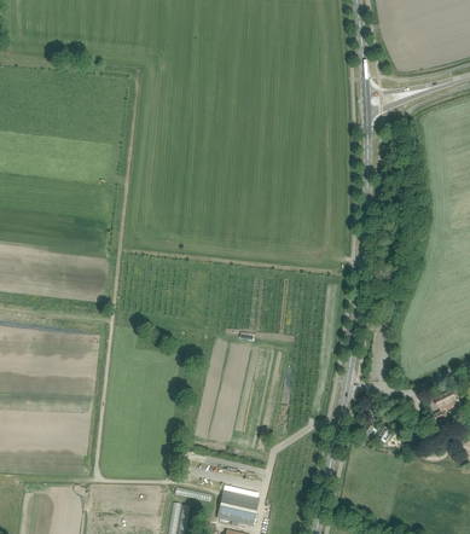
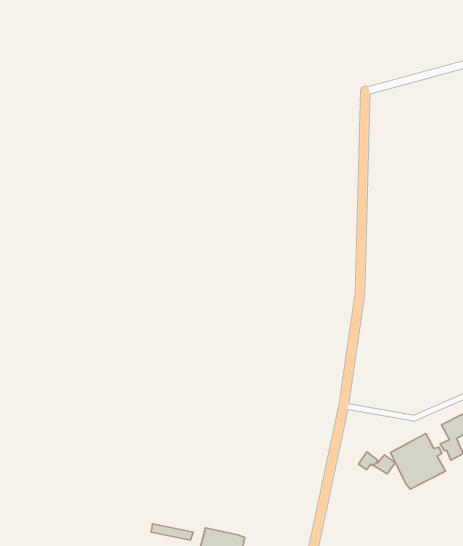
building: none -> [391,433,446,489]

